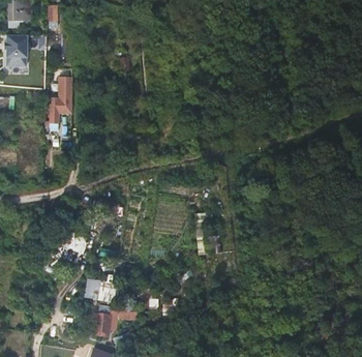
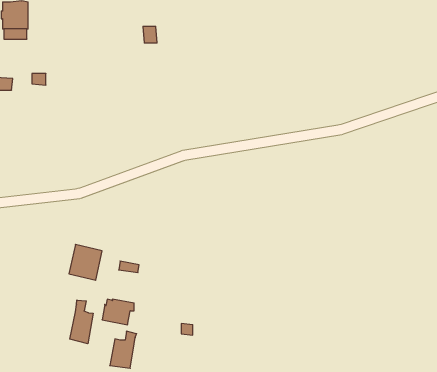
building: [51,78,72,132] -> none
building: none -> [70,300,93,344]

